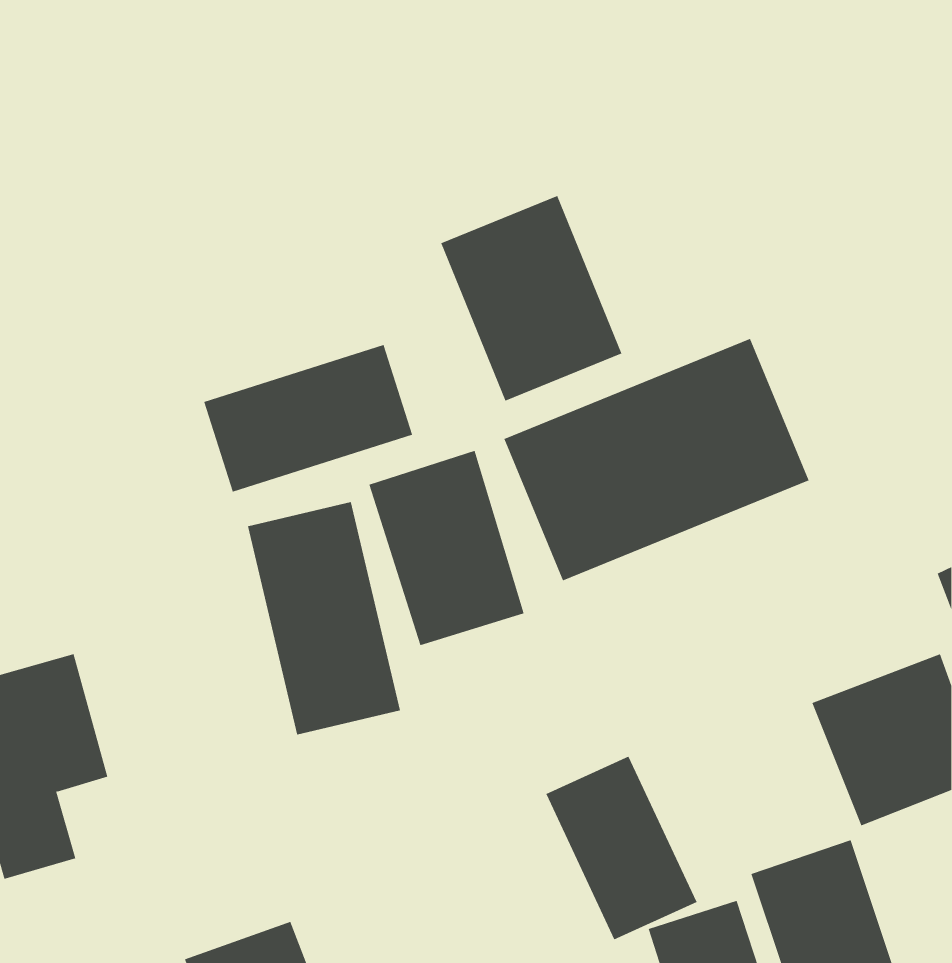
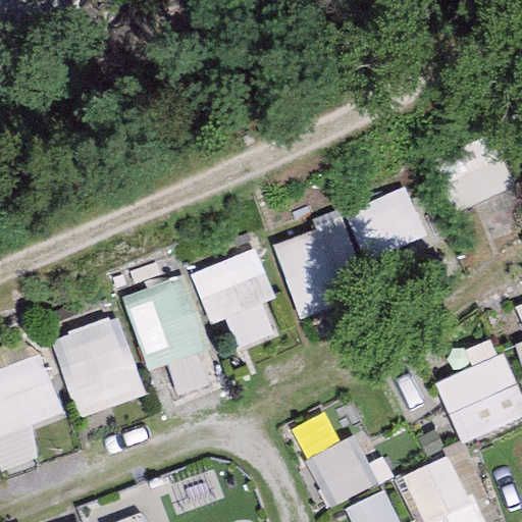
building: [441,195,622,401] -> none
building: [204,344,413,492] -> none
building: none -> [50,313,145,420]

